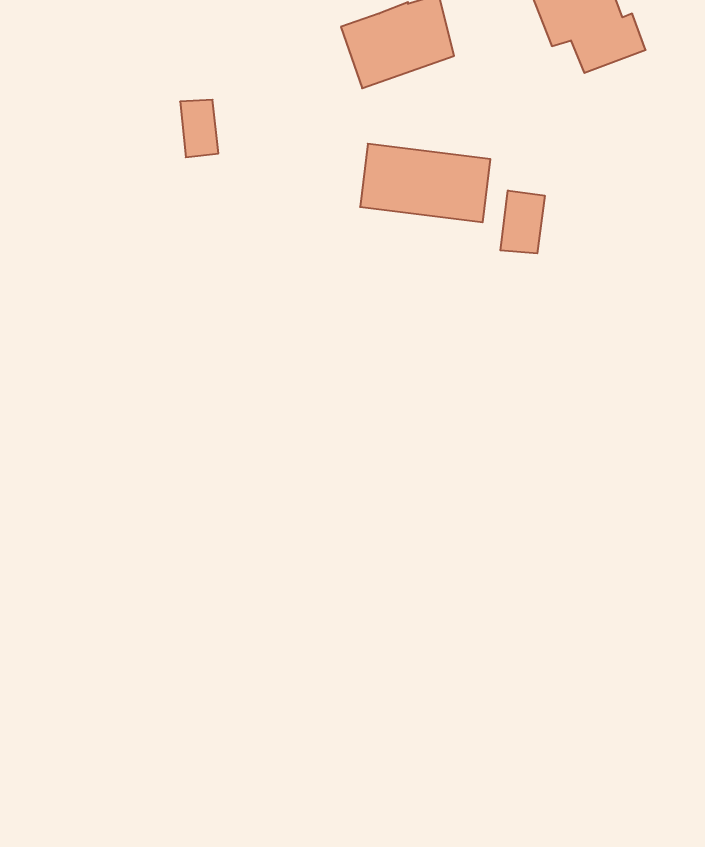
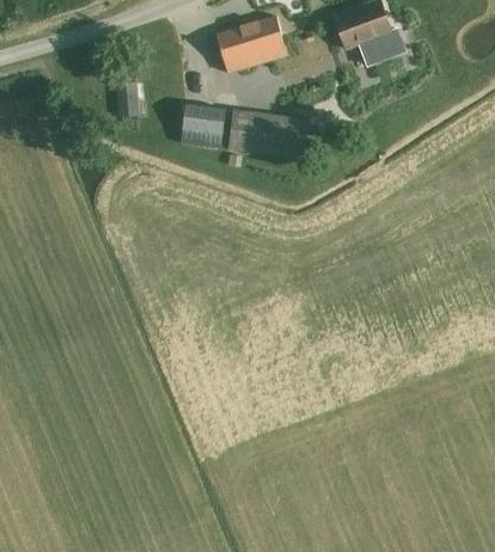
building: none -> [181,103,225,147]
building: [500,190,545,253] -> none

